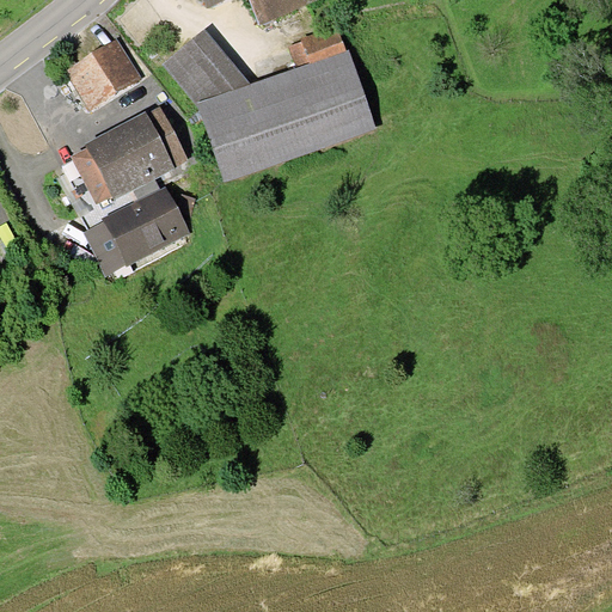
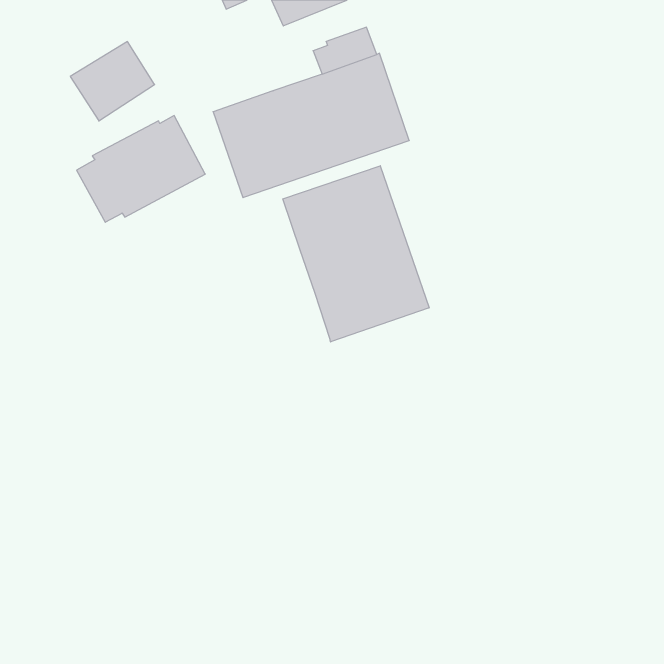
building: [163,29,251,103] -> none
building: none -> [283,166,429,342]
building: [84,185,190,276] -> none

